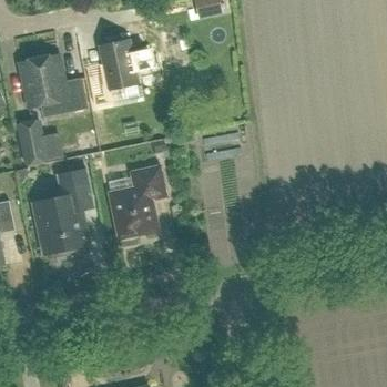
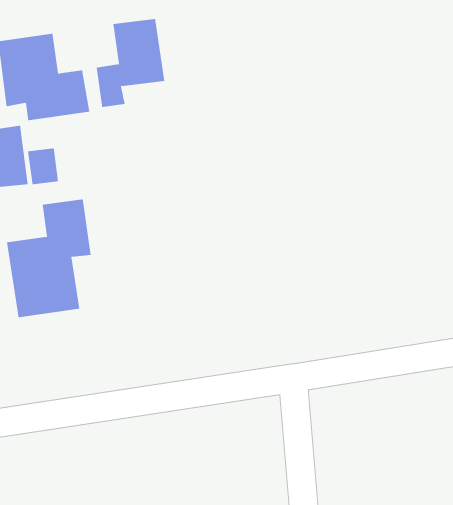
building: [108,165,166,238] -> none

